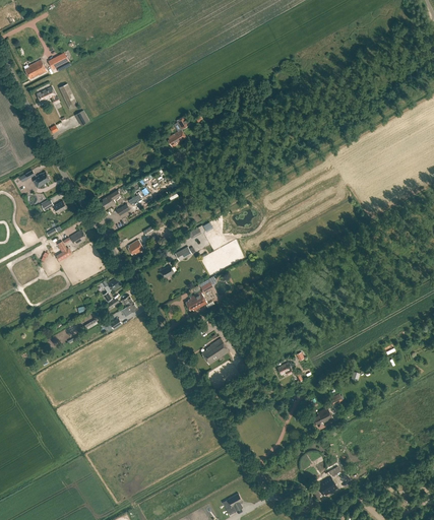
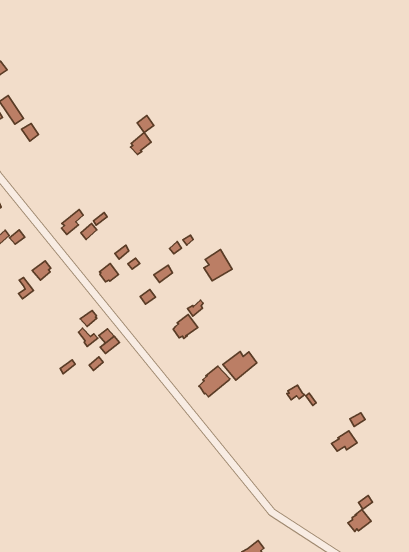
building: none -> [223,351,257,380]

